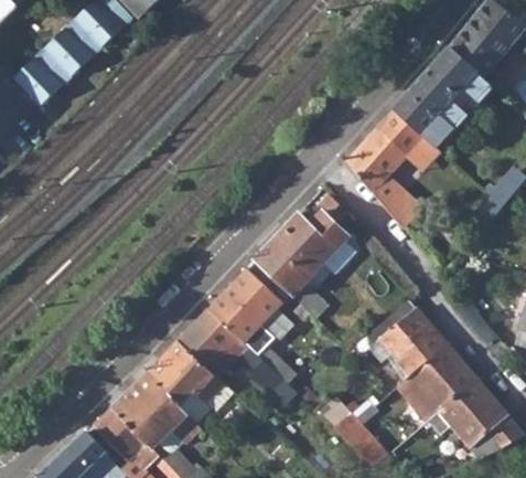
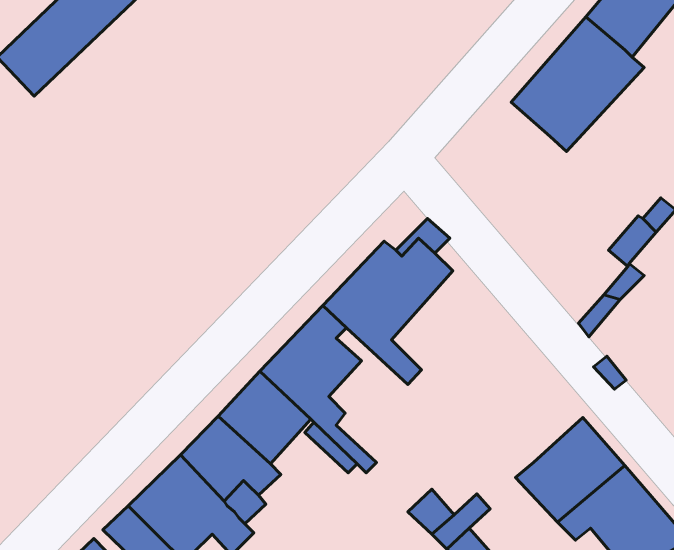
building: [346,109,421,225] -> none
building: [355,298,446,375] -> none

